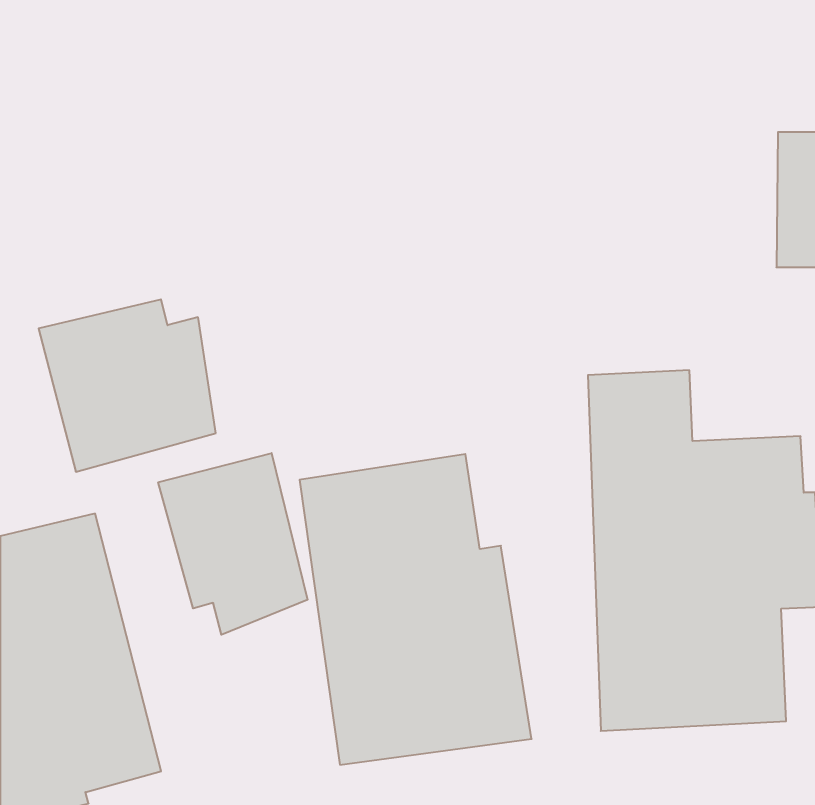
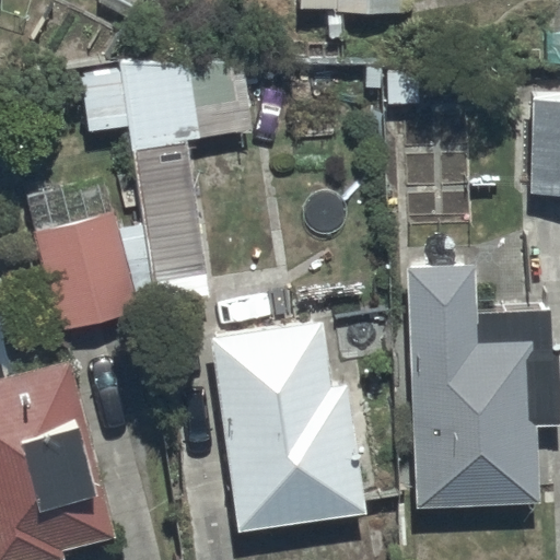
building: none -> [80,57,237,308]
building: [158,453,308,635] -> none

